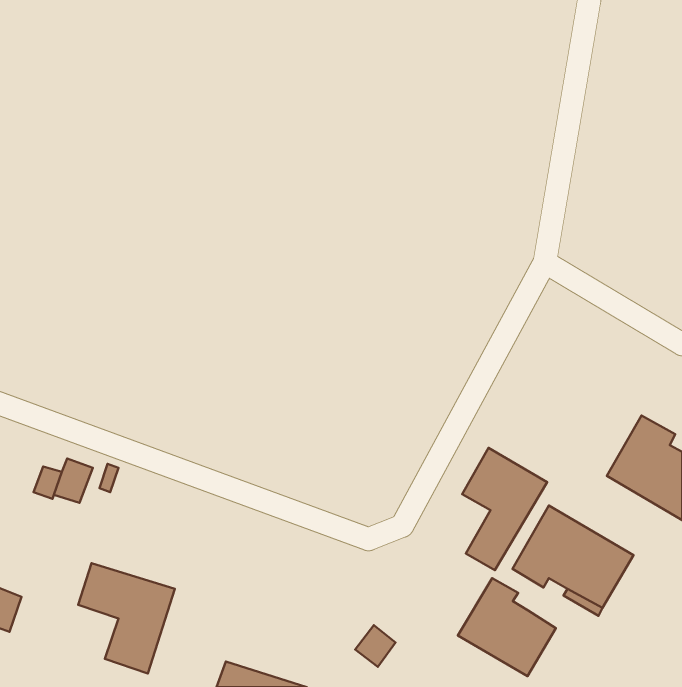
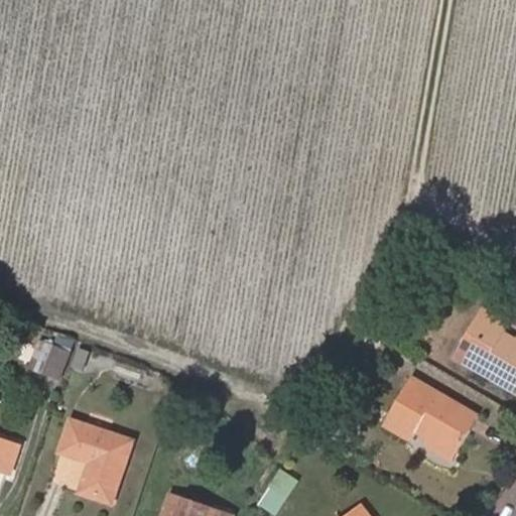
building: [462,448,547,570] -> none
building: [458,578,556,676] -> none

